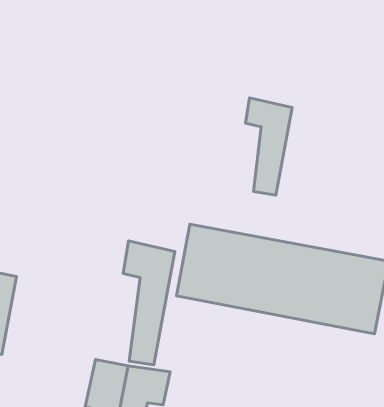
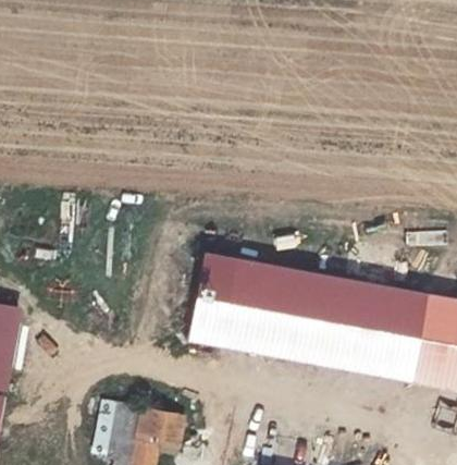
building: [246,98,292,195] -> none
building: [123,241,175,365] -> none

